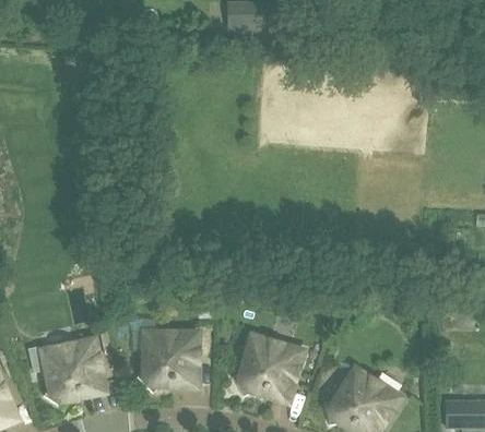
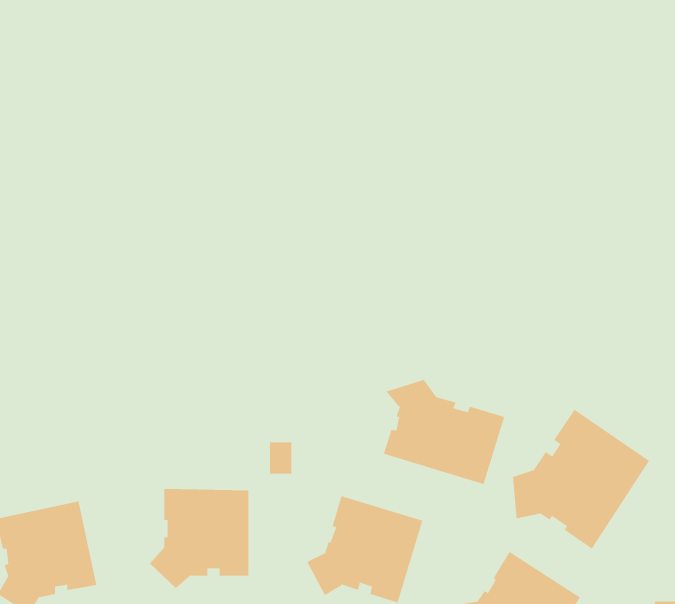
building: none -> [383,379,505,485]
building: none -> [513,409,650,550]

